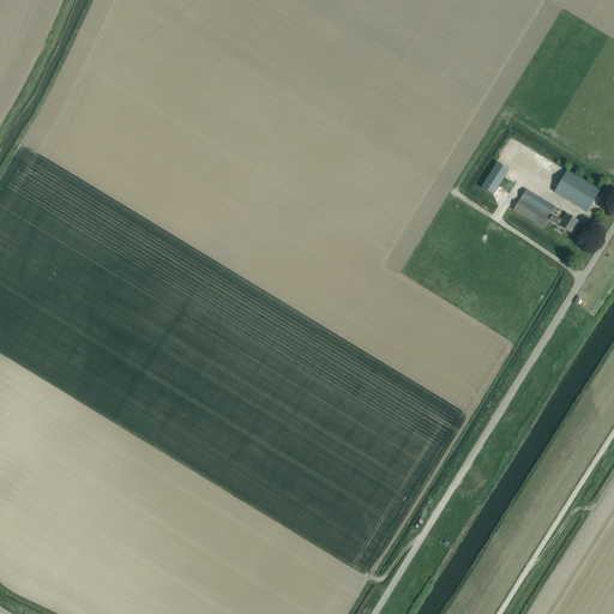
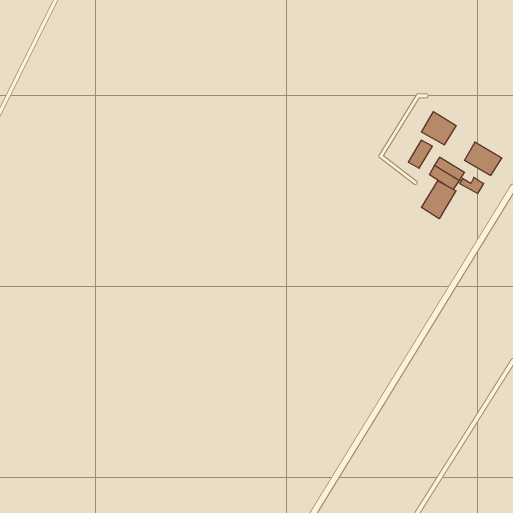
building: none -> [421,112,456,145]
building: none -> [422,181,456,219]

